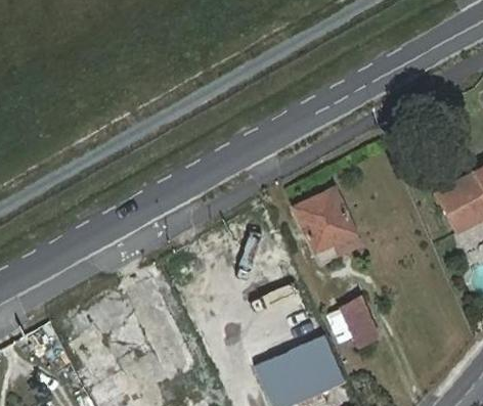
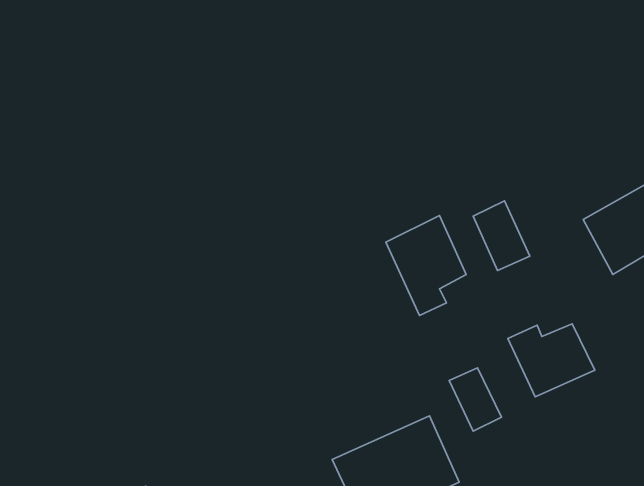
building: none -> [473,201,530,270]
building: none -> [508,324,595,397]

